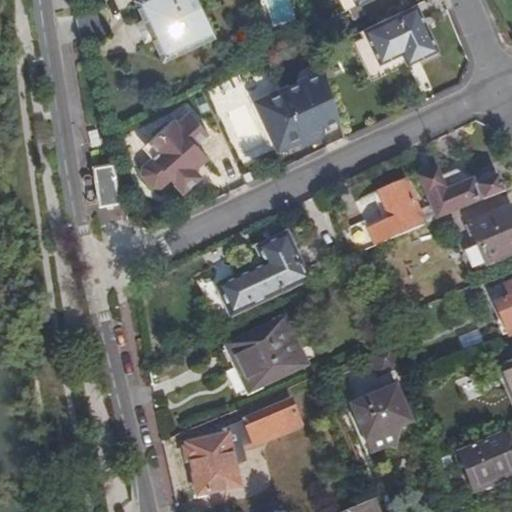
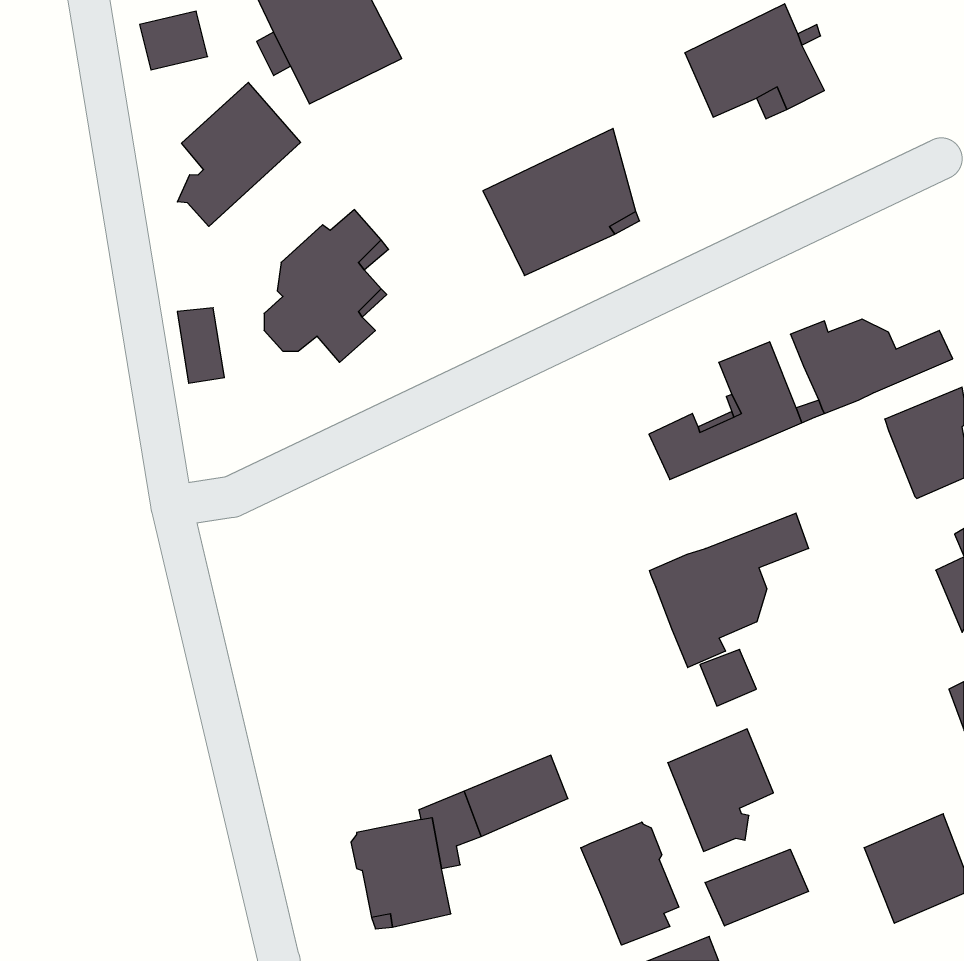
building: none -> [177,82,301,226]
building: [221,236,306,312] -> none
building: none -> [650,513,809,668]
building: [237,317,306,389] -> none
building: none -> [581,822,679,945]
building: none -> [705,849,808,926]

